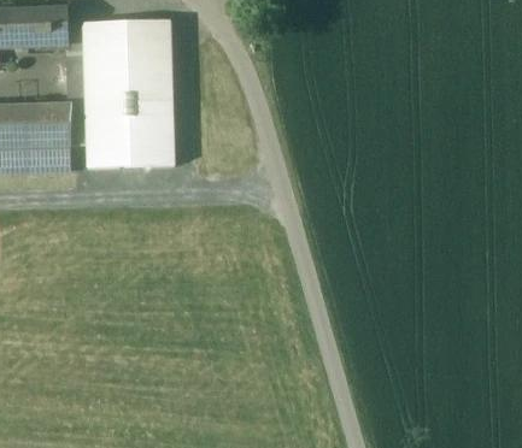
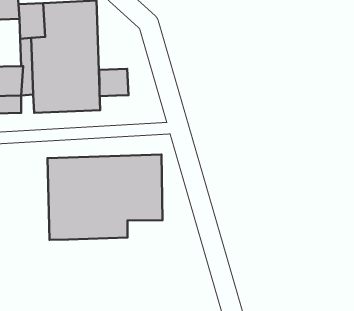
building: none -> [99,69,128,96]
building: none -> [47,155,163,240]

